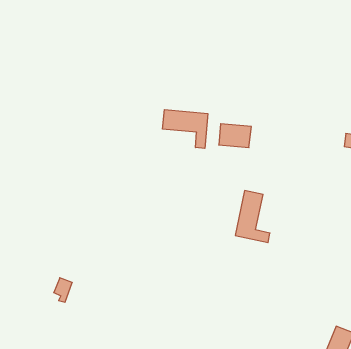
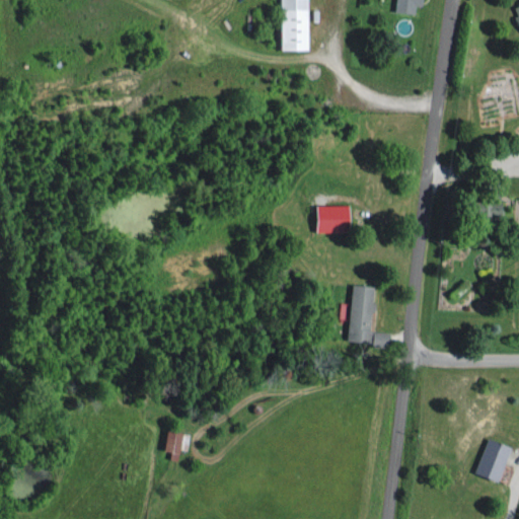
building: [163,110,208,148] -> none
building: [54,278,72,302] -> [164,431,186,460]

